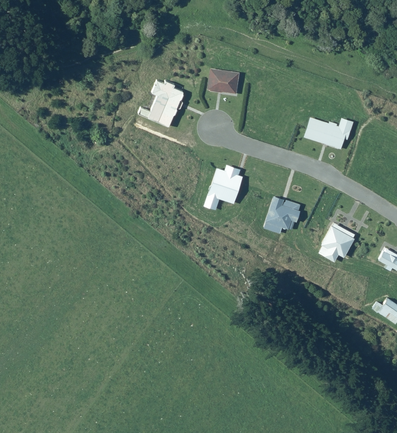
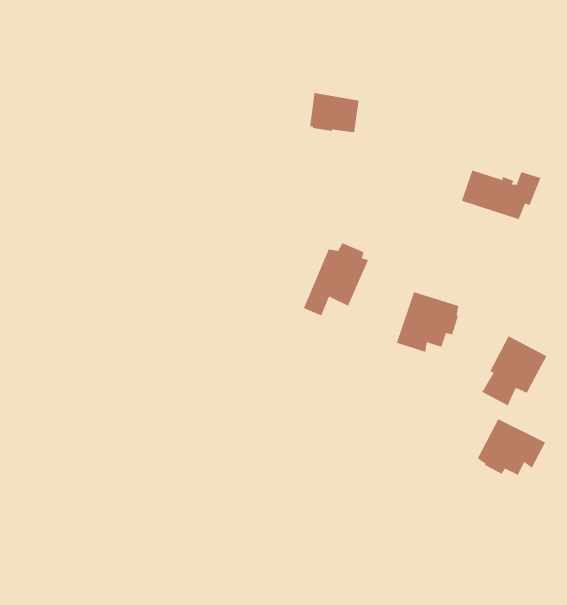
building: [138,80,187,127] -> none
building: none -> [477,418,546,476]

